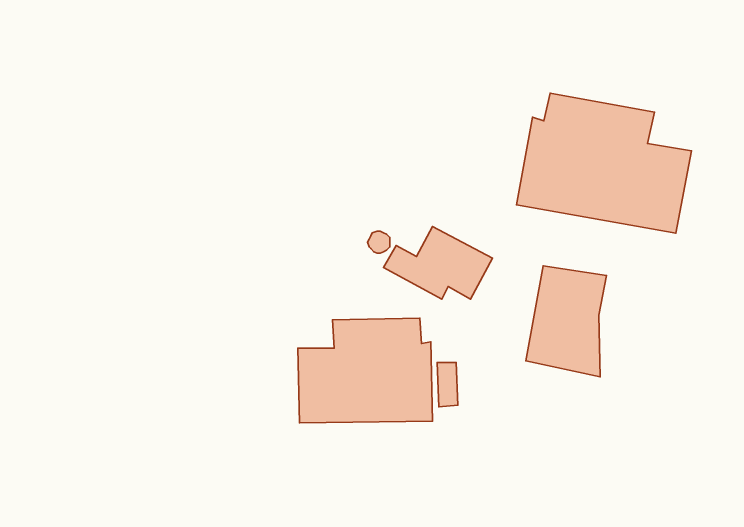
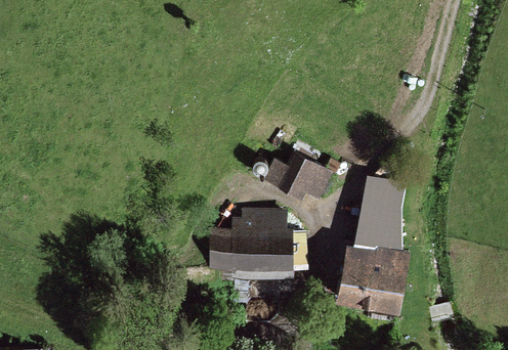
building: [516,93,691,233] -> none
building: none -> [335,245,411,312]

